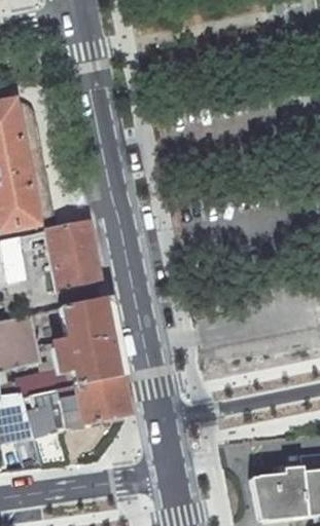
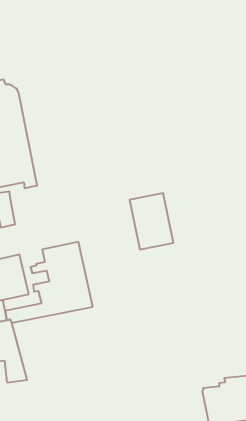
building: [48,221,102,290] -> [130,193,173,249]
building: [24,376,130,465] -> none

